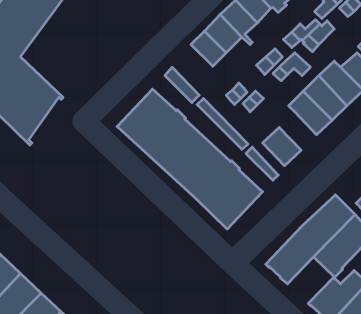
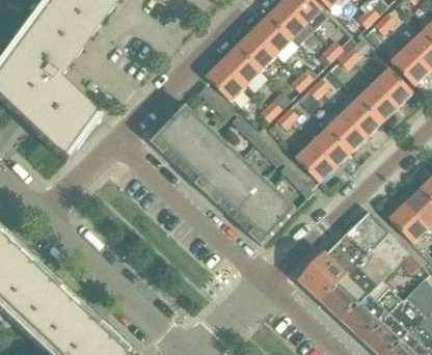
building: none -> [208,60,247,100]
building: none -> [314,128,351,166]
building: none -> [322,273,369,320]

